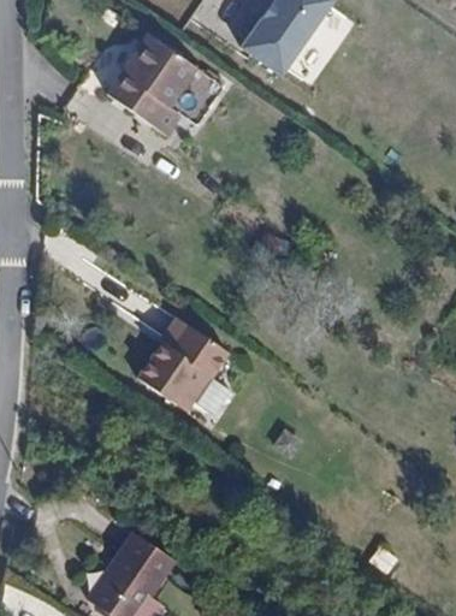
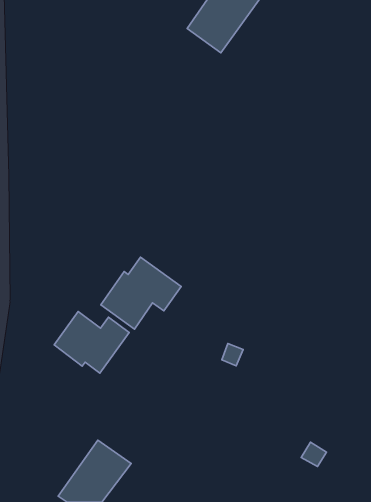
building: [101,31,223,136] -> none
building: none -> [54,311,129,373]

